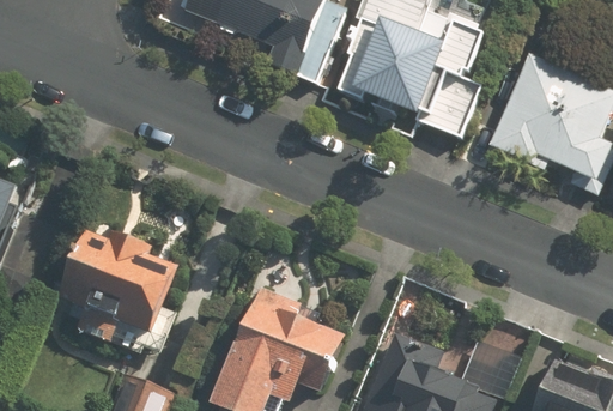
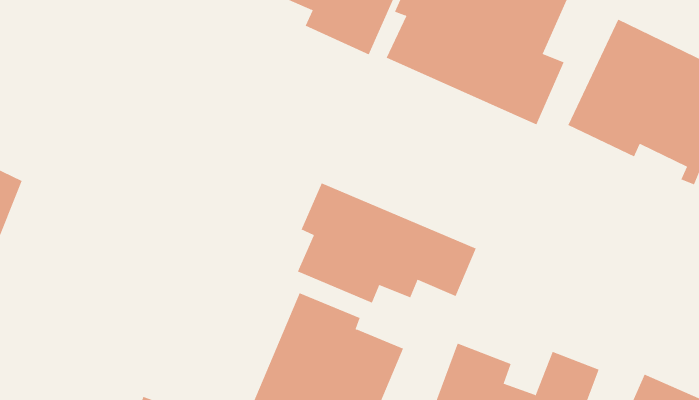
building: none -> [297,183,477,303]
building: [62,224,180,343] -> none

